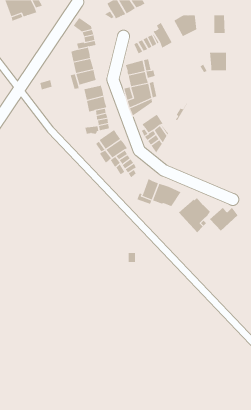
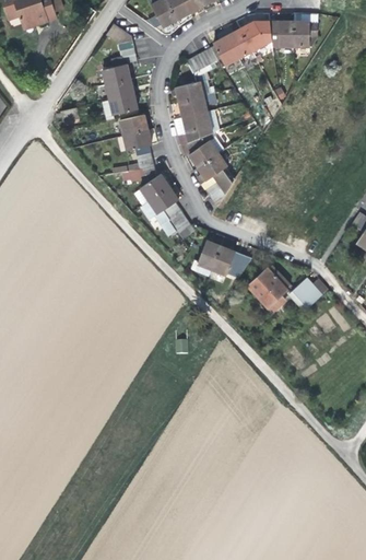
building: none -> [224,27,252,58]
building: [209,52,227,71] -> [270,21,294,46]
building: none -> [189,137,224,167]

